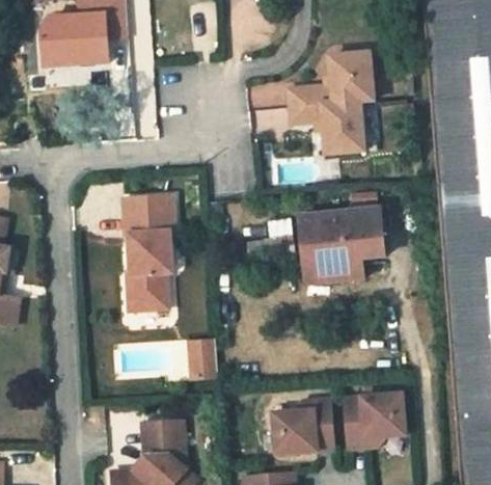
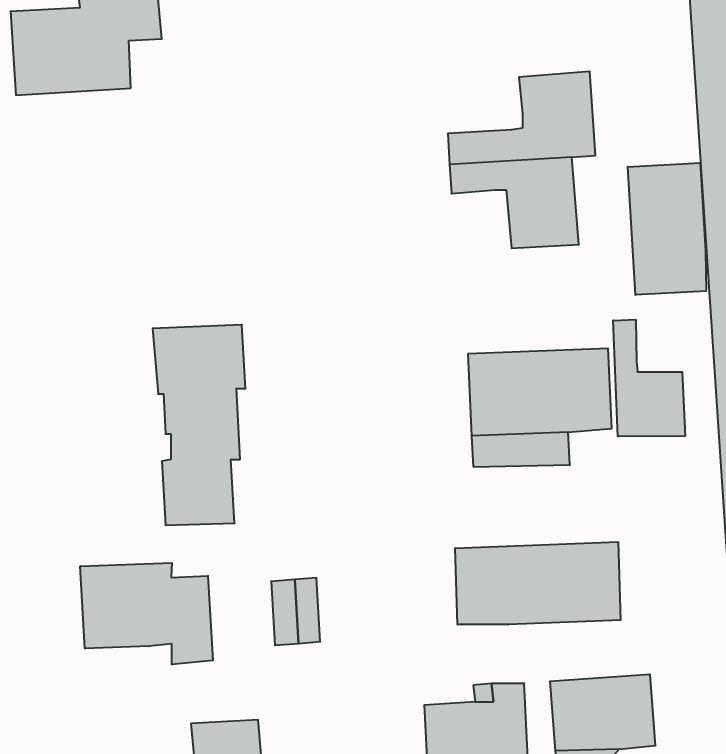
building: none -> [628,163,706,295]
building: none -> [613,320,685,437]
building: none -> [455,542,620,625]
building: none -> [80,563,213,665]

